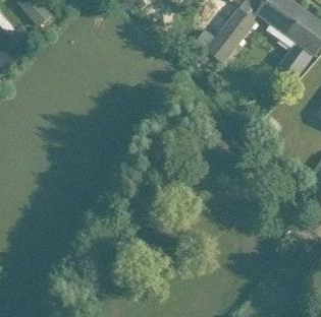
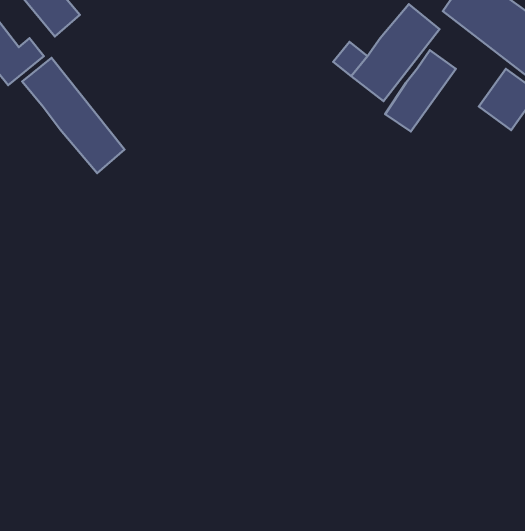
building: none -> [385,50,456,131]
building: none -> [22,58,124,173]

